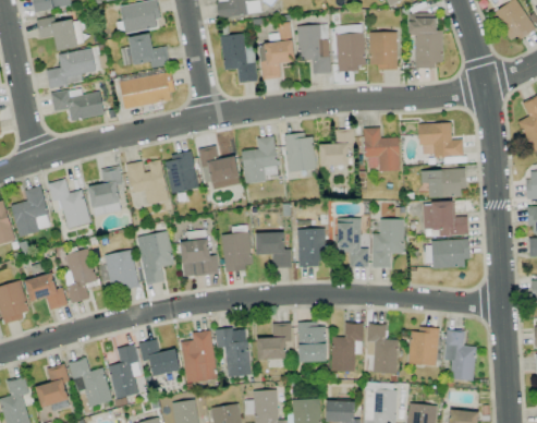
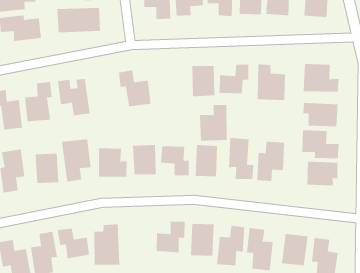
building: [242,136,278,182] -> [199,105,228,141]
building: [163,153,199,194] -> none
building: [216,328,249,376] -> none

